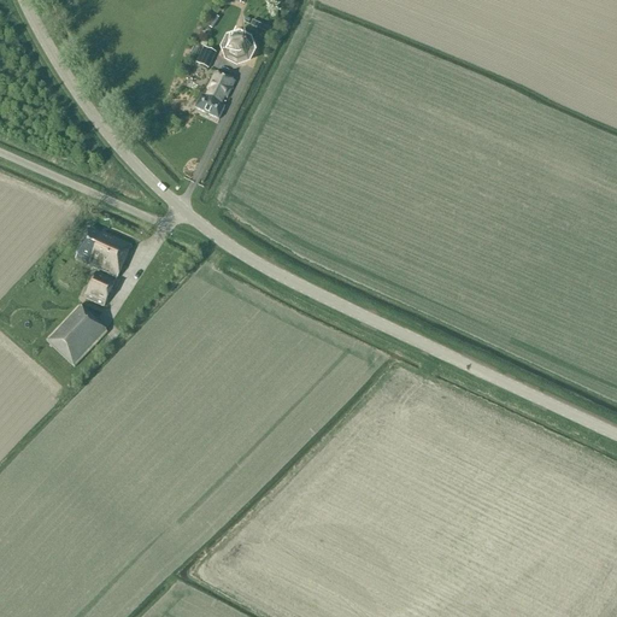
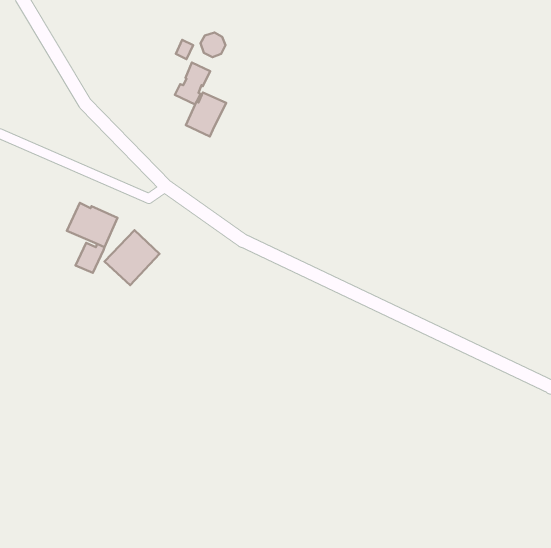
building: none -> [186,92,226,136]
building: [46,304,107,365] -> [104,230,159,285]

